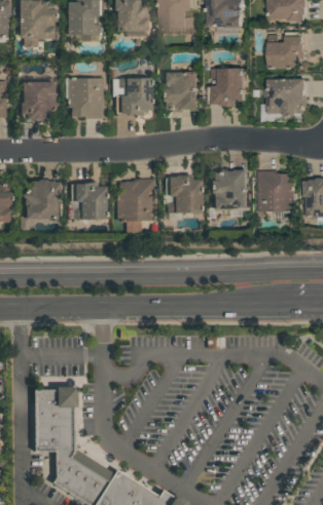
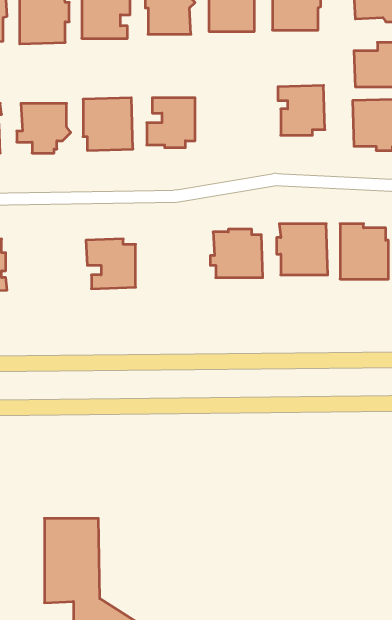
building: [162,72,201,111] -> none
building: [116,179,154,221] -> none
building: [22,180,59,219] -> none

